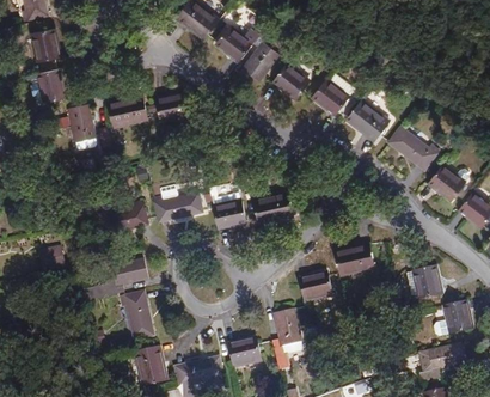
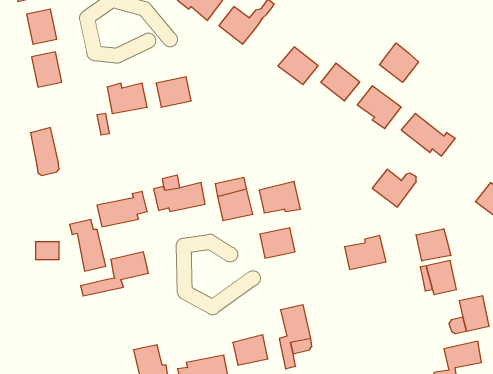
building: [243,26,280,81] -> none
building: none -> [380,43,419,82]
building: [69,104,97,149] -> [30,128,59,175]
building: [428,165,470,201] -> [372,169,416,207]
building: none -> [416,229,451,261]
building: [299,273,332,301] -> [260,228,295,258]
building: [120,292,154,341] -> [70,219,106,271]

